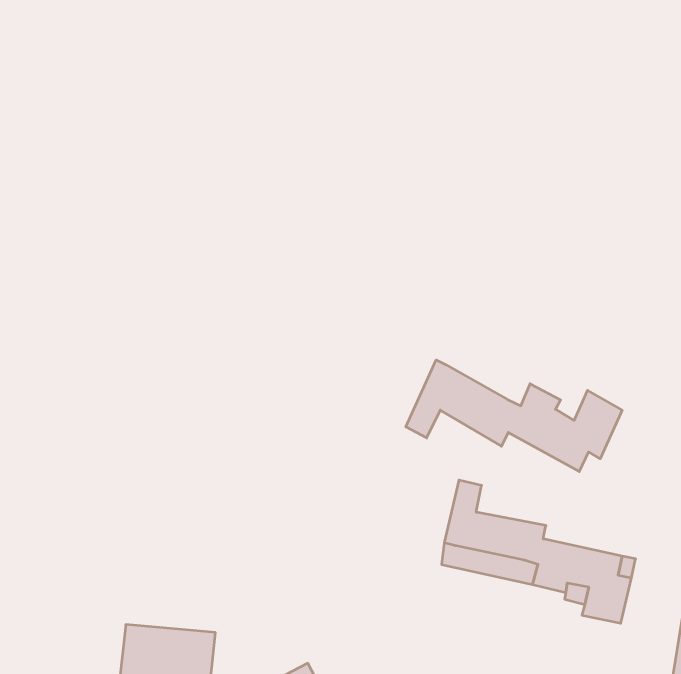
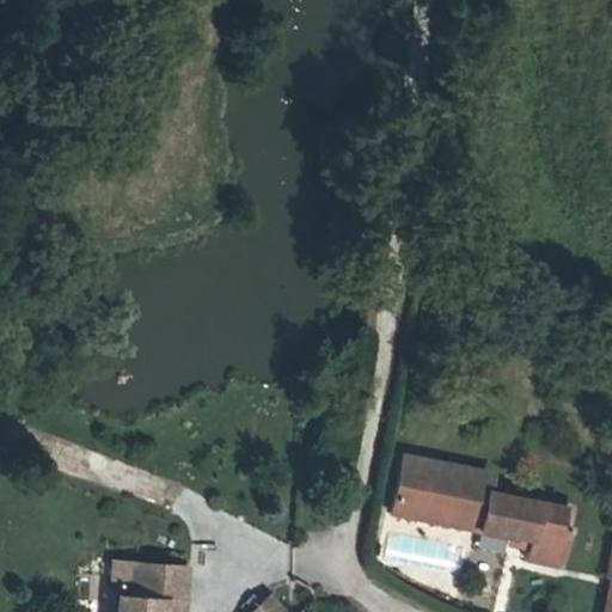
building: [406,360,622,472] -> none

